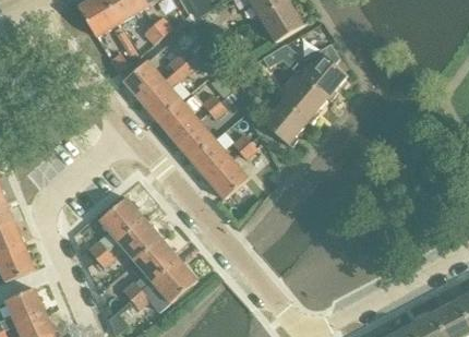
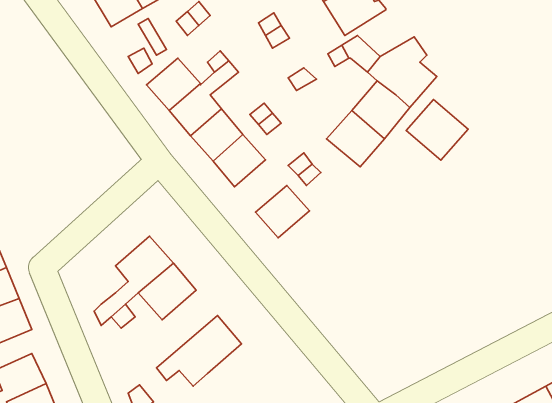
building: none -> [406,99,468,160]
building: [190,139,230,179] -> none
building: [122,239,177,299] -> none

